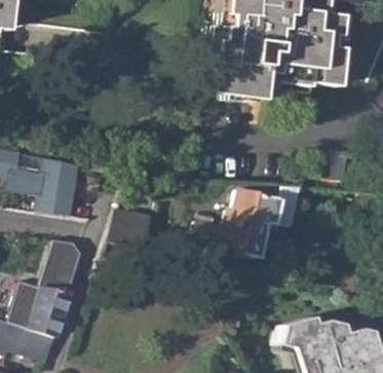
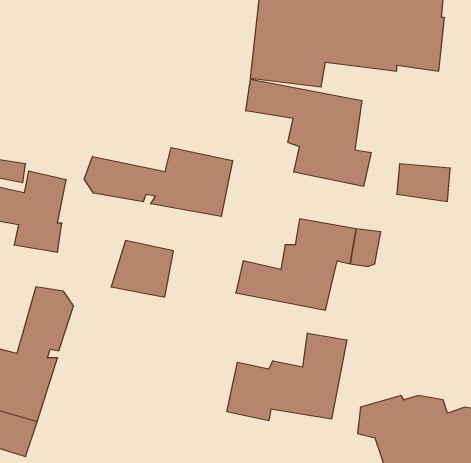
building: none -> [246,79,371,186]
building: none -> [84,148,233,217]
building: none -> [227,333,347,421]

